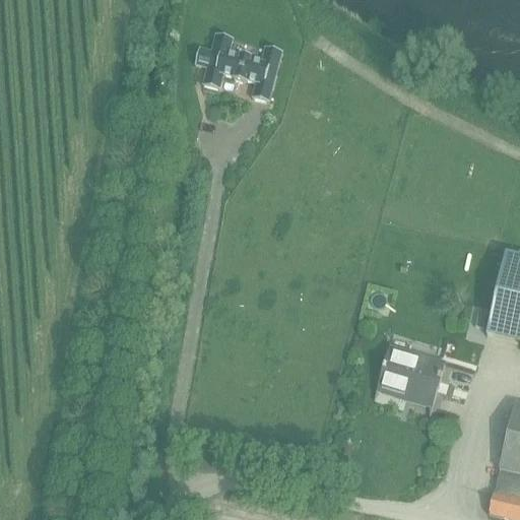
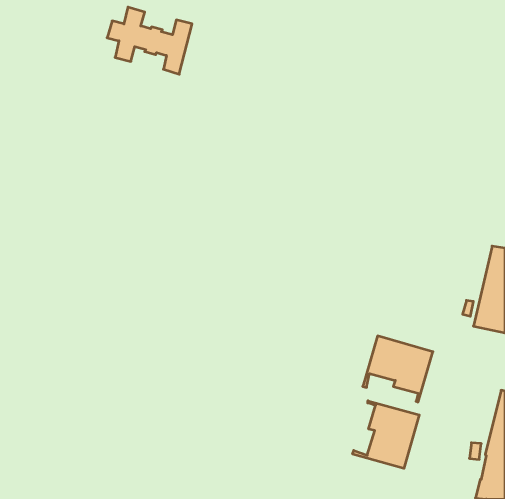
building: [195,31,282,101] -> [107,7,192,74]
building: none -> [353,401,419,468]

